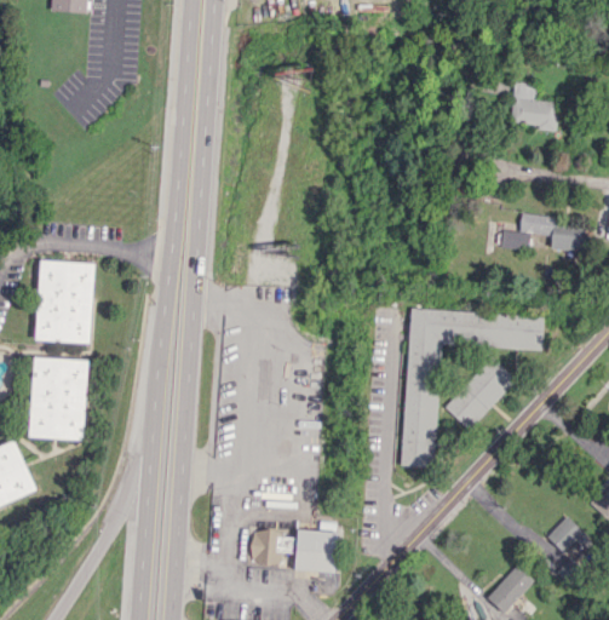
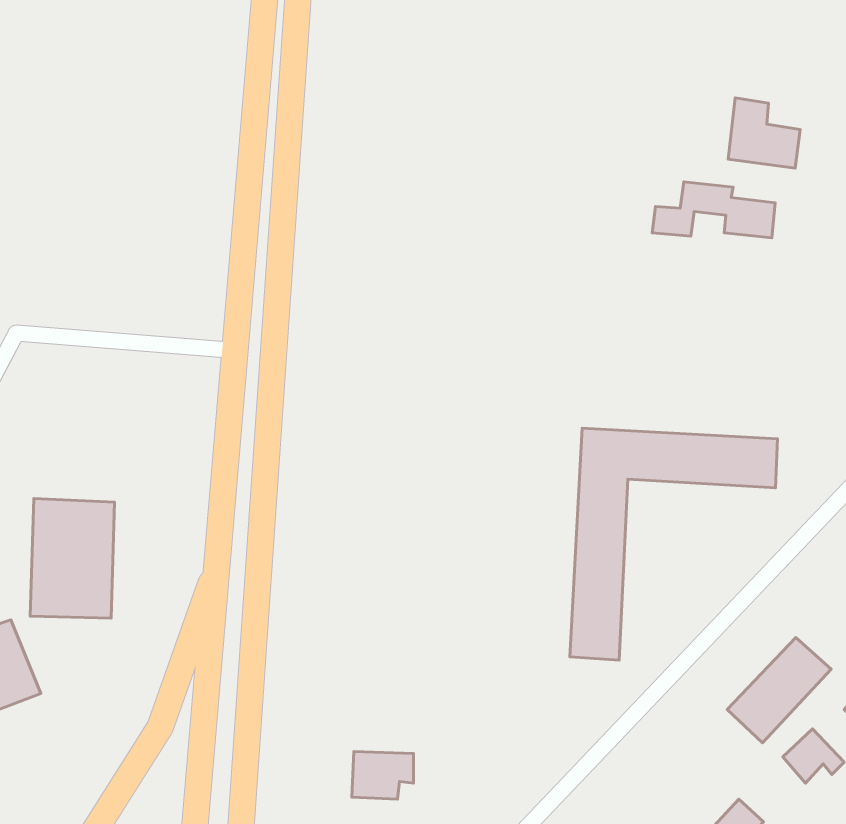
building: [500,213,585,252] -> [652,182,775,238]
building: [35,260,94,343] -> none
building: [444,357,516,430] -> [727,637,831,743]
building: [295,530,337,573] -> none

